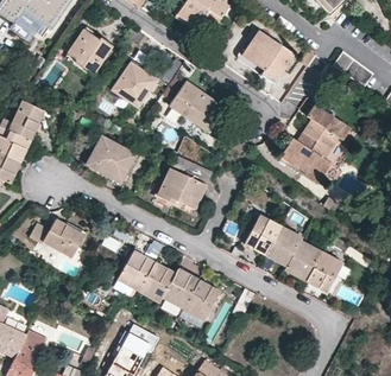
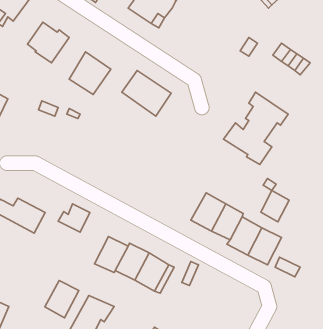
building: [241,31,292,82] -> none
building: [86,135,135,180] -> none
building: [157,153,212,208] -> none
building: none -> [261,191,289,222]
building: [118,250,154,291] -> [45,281,79,318]

